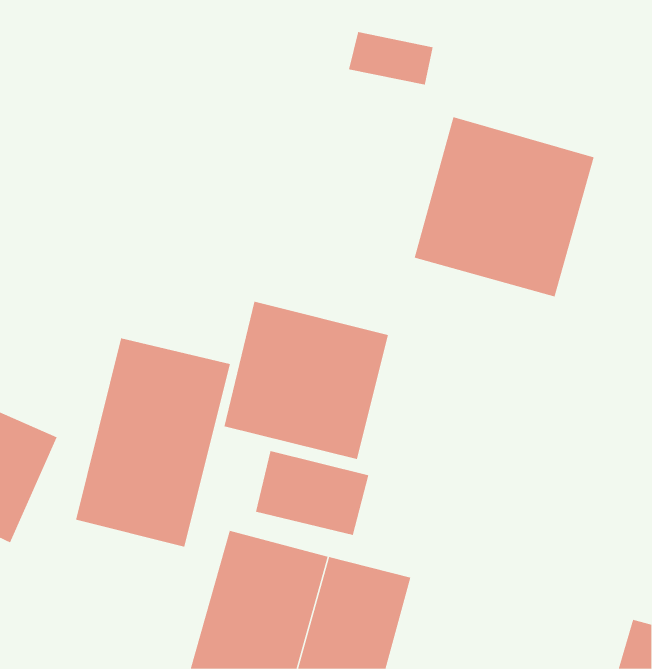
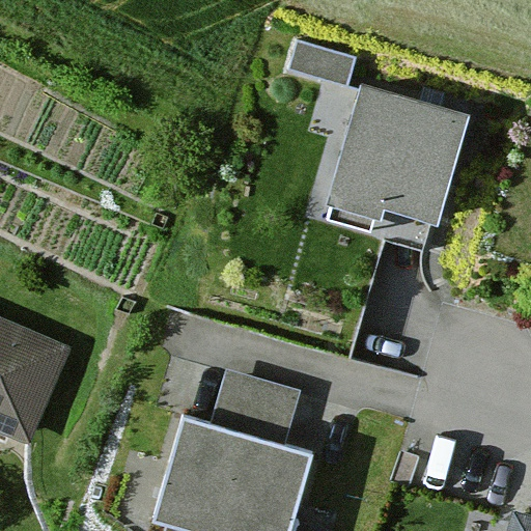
building: [224,301,388,460] -> none
building: [76,338,231,547] -> none

